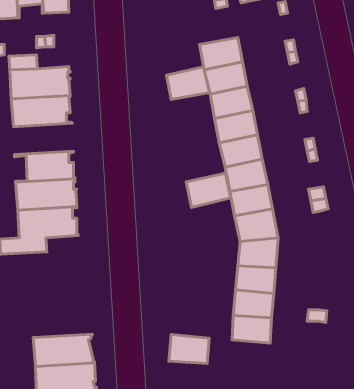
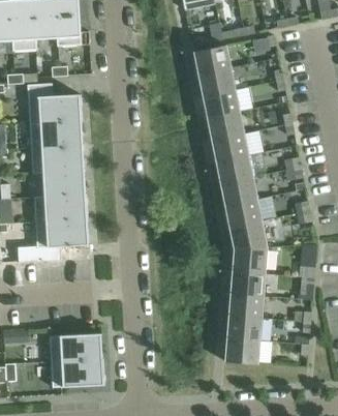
building: [167,67,209,99] -> [193,46,232,75]
building: none -> [31,145,85,173]
building: [186,173,231,208] -> none
building: [169,335,209,364] -> [224,338,260,364]

